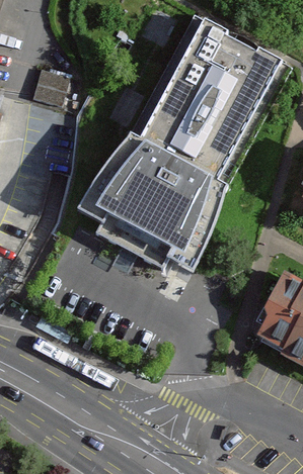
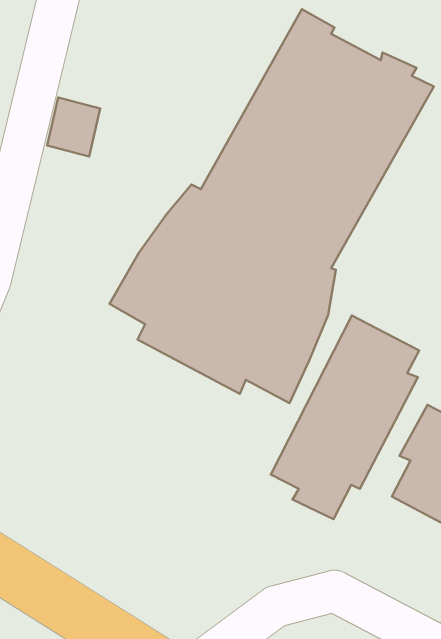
building: none -> [271,315,419,519]

